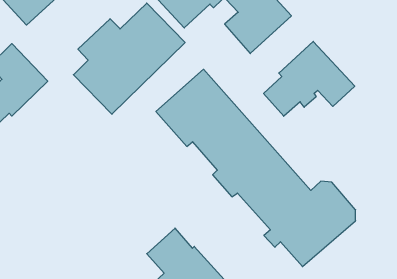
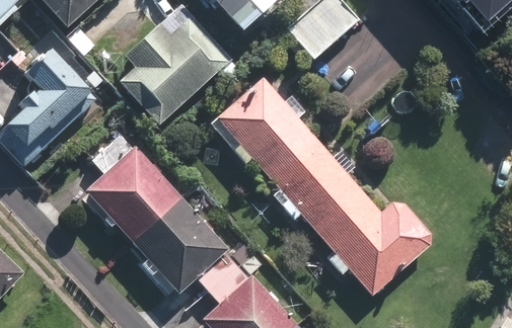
building: [264,41,355,116] -> none
building: none -> [83,136,227,295]

